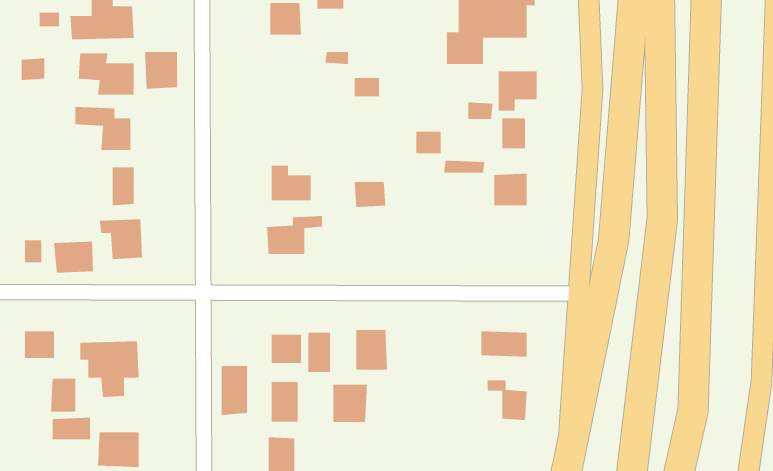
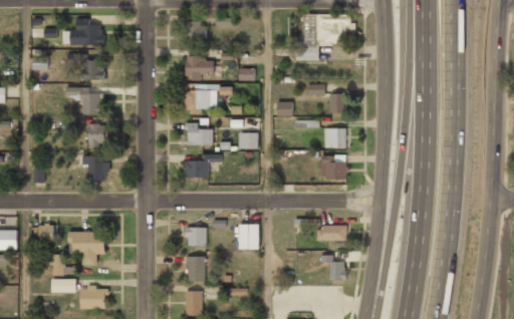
building: [144,51,178,89] -> none
building: none -> [185,57,213,78]
building: [498,71,537,111] -> none
building: none -> [184,83,217,108]
building: none -> [320,154,345,179]
building: [54,241,94,274] -> none
building: [308,332,331,373] -> none
building: [221,365,248,416] -> none
building: [333,384,367,423] -> none

